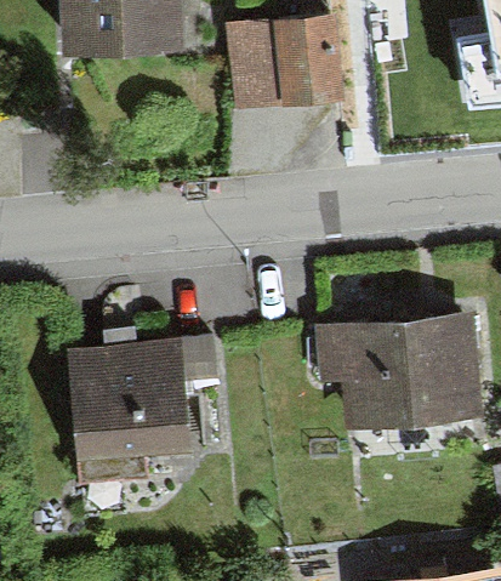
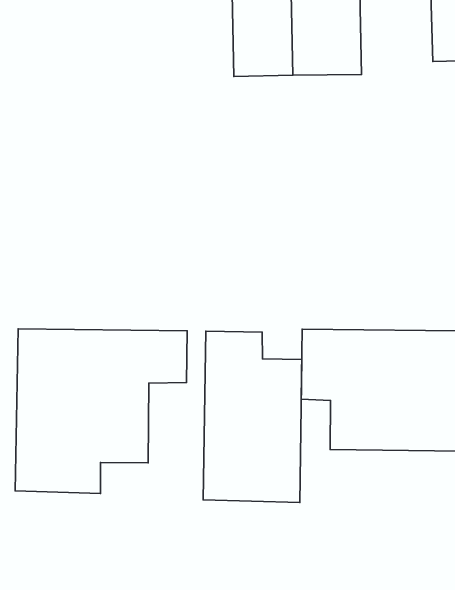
building: none -> [203,331,302,502]

